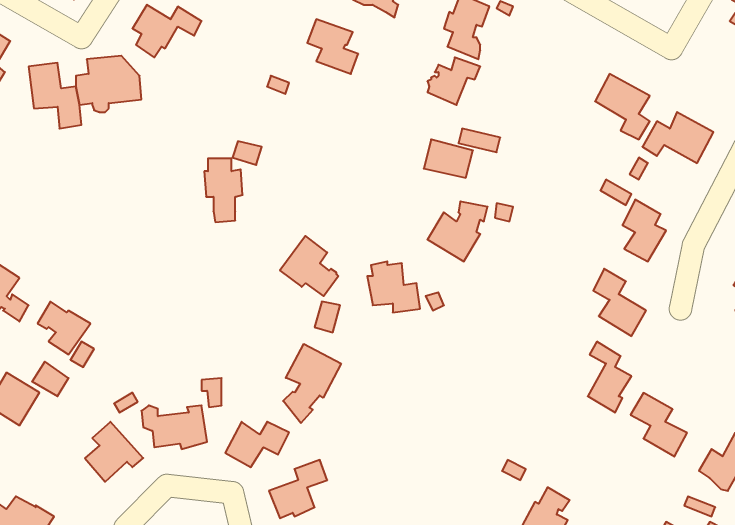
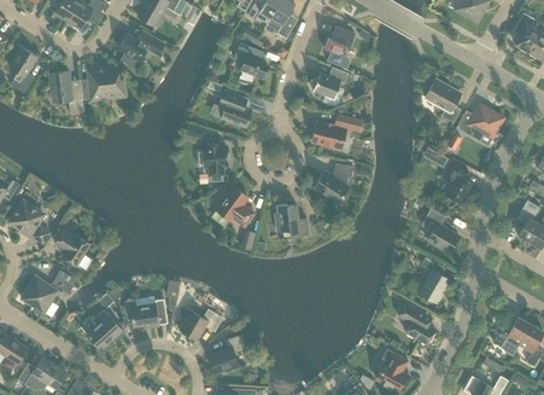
building: none -> [218,89,251,127]
building: [204,158,243,222] -> [203,140,228,182]
building: [283,344,341,423] -> none
building: [631,393,687,457] -> [398,302,435,344]

